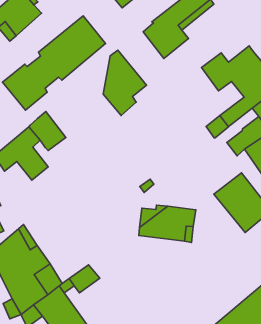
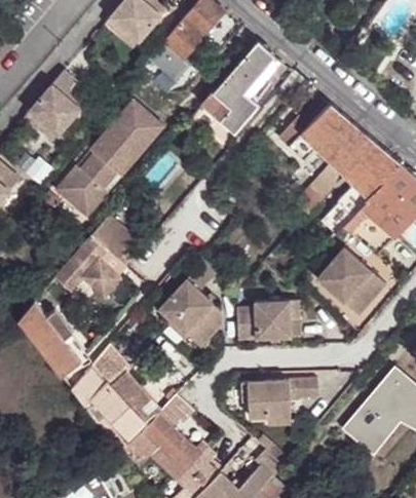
building: [103,50,146,116] -> none
building: none -> [158,278,221,348]
building: none -> [248,379,316,424]

